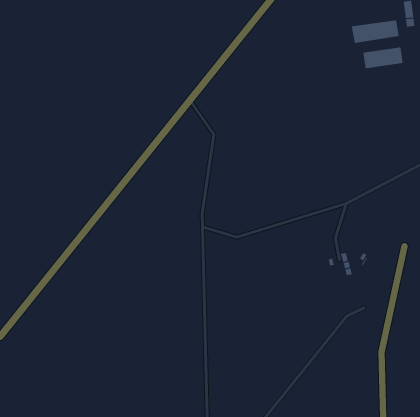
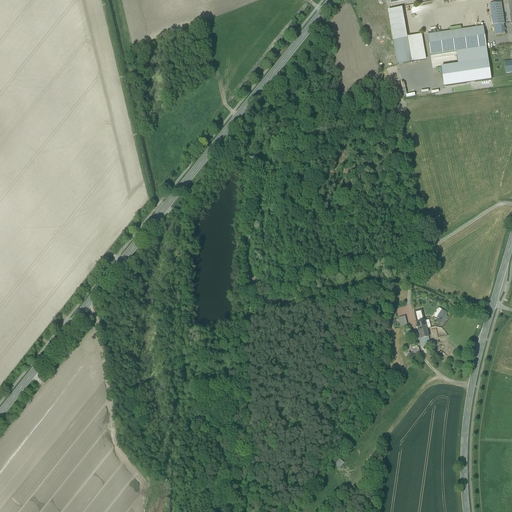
building: none -> [388,6,425,62]

